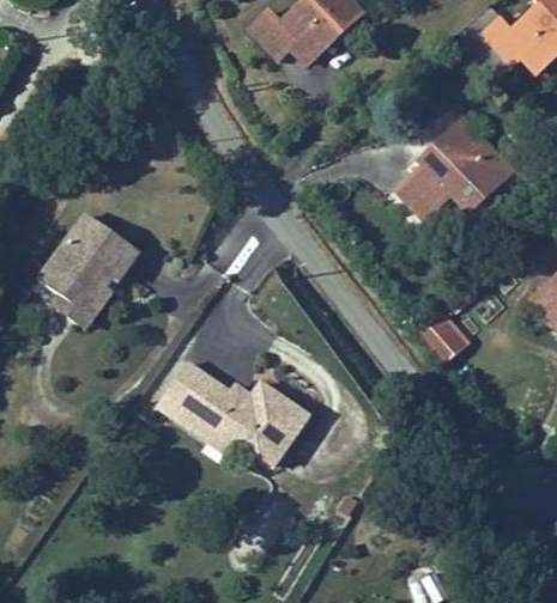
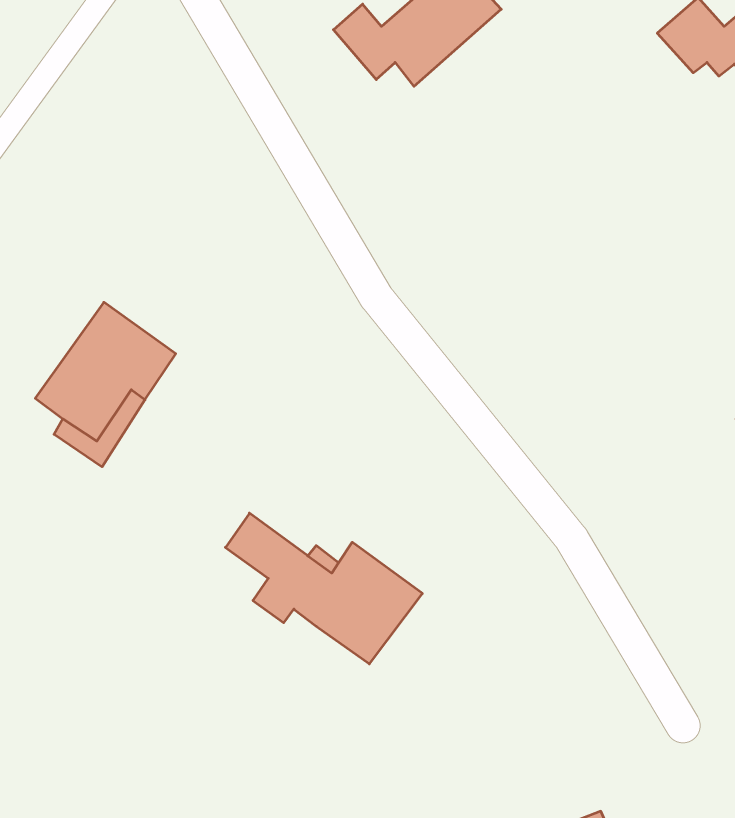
building: [393,116,517,224] -> none
building: [422,311,473,364] -> none
building: [157,385,236,455] -> none

